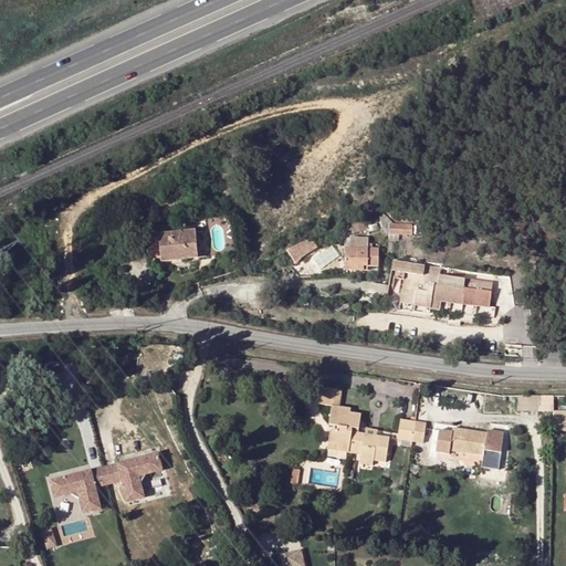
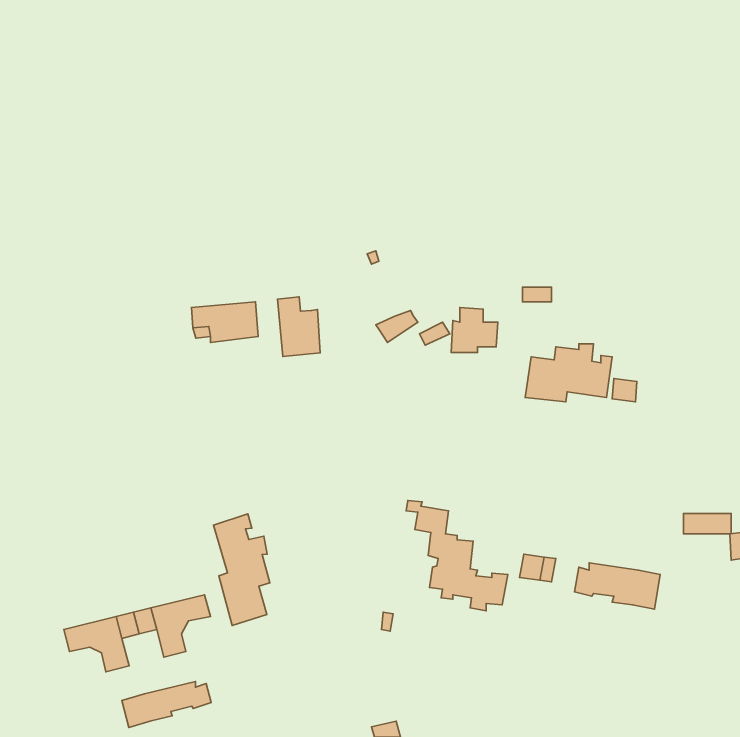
building: none -> [278,297,320,356]
building: none -> [213,514,270,625]
building: none -> [122,681,211,727]

